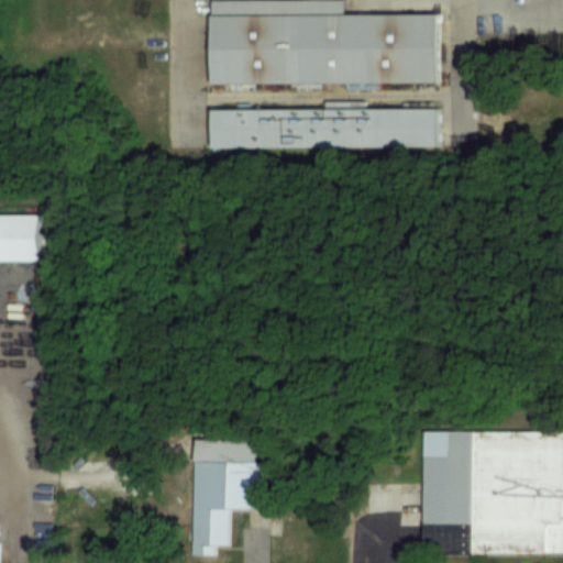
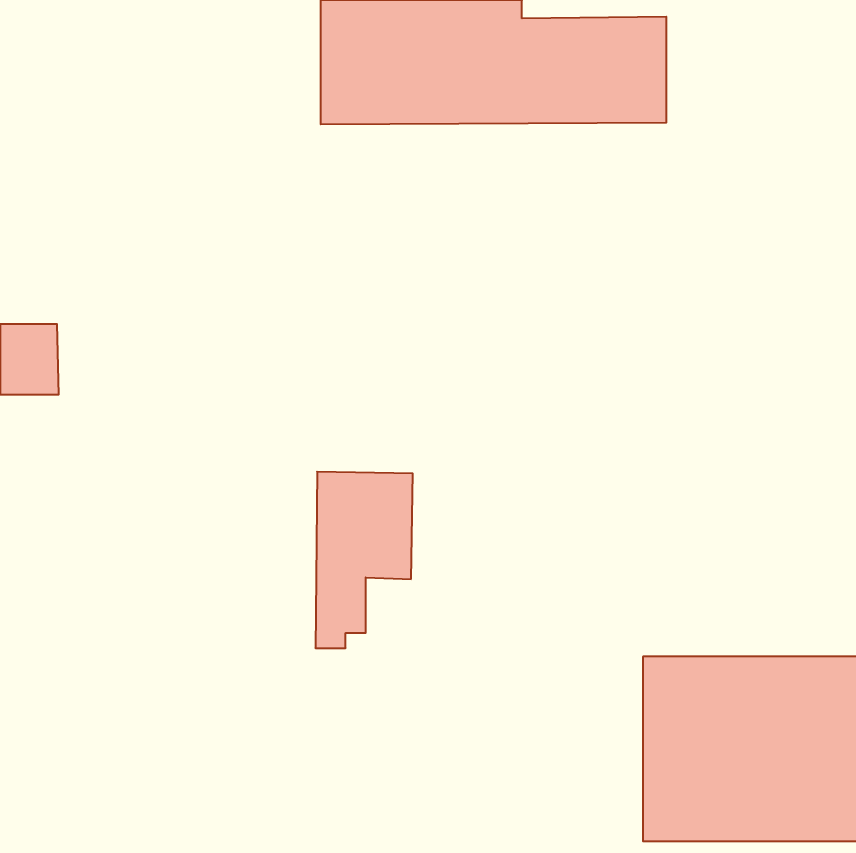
building: [212,109,438,148] -> none
building: [194,440,257,555] -> [315,472,413,648]

